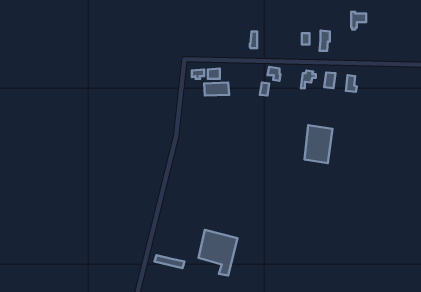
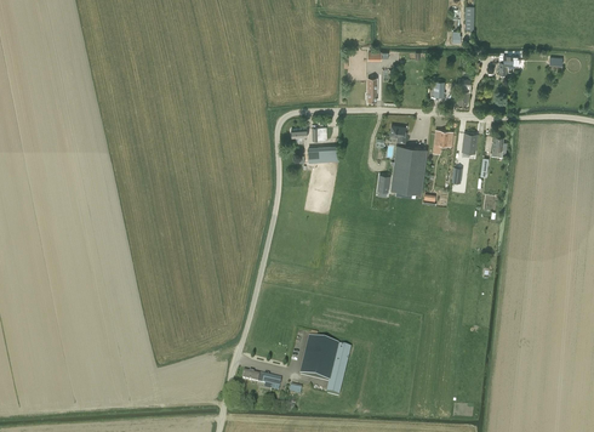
building: [304,125,332,163] -> [390,144,427,194]

